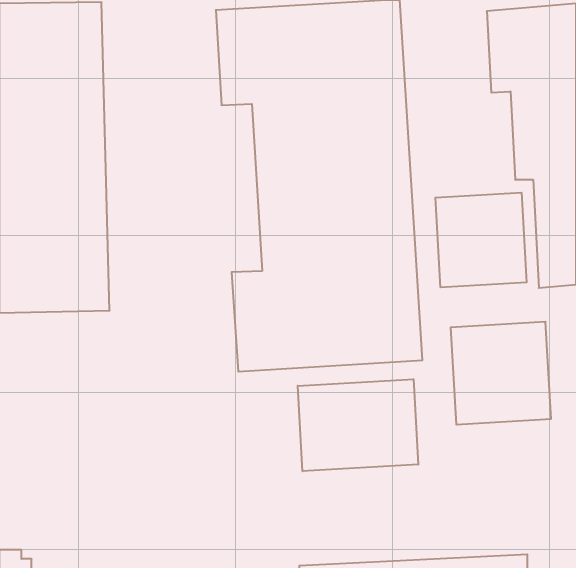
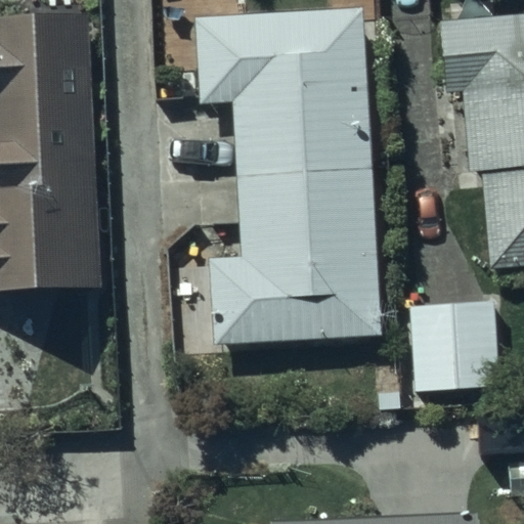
building: [435,193,527,287] -> none
building: [298,379,418,471] -> none

